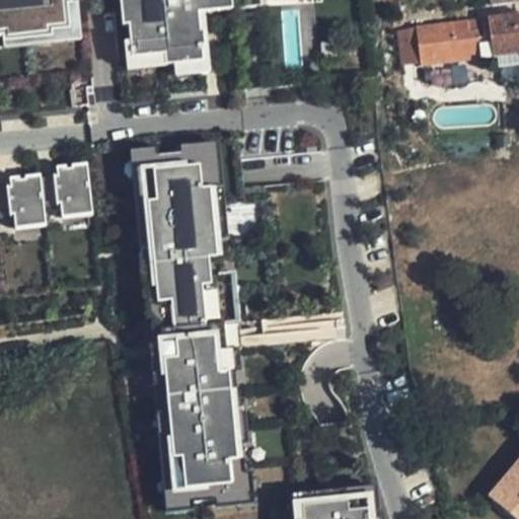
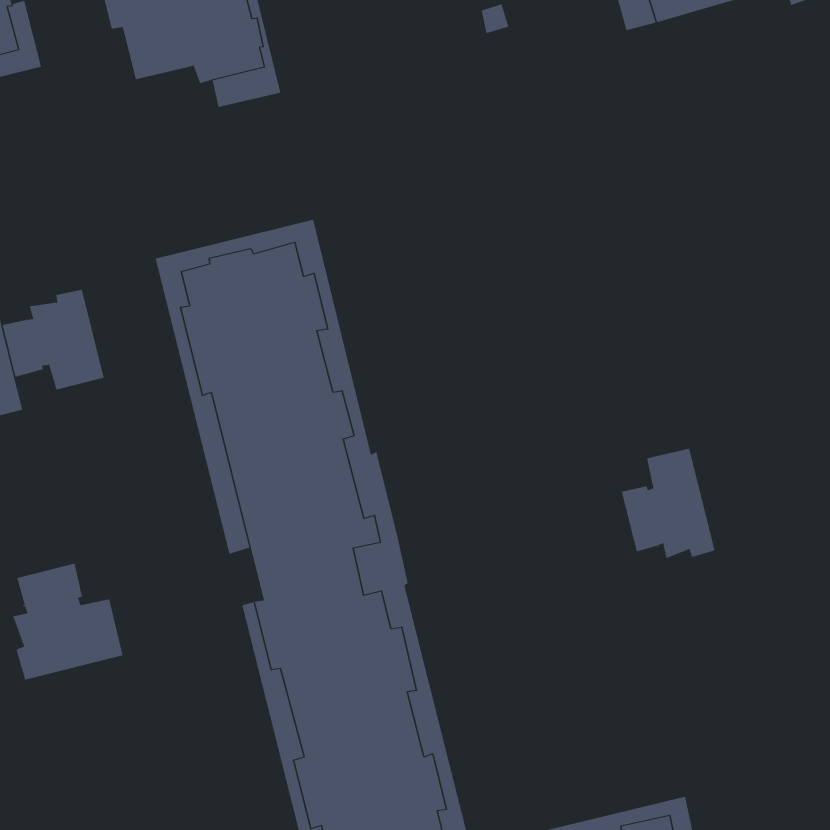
building: [123,24,166,70] -> none
building: none -> [621,448,715,559]
building: none -> [13,563,123,680]

